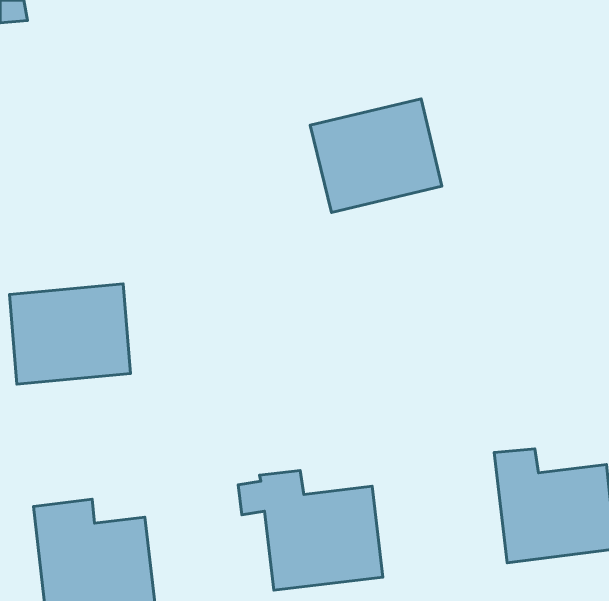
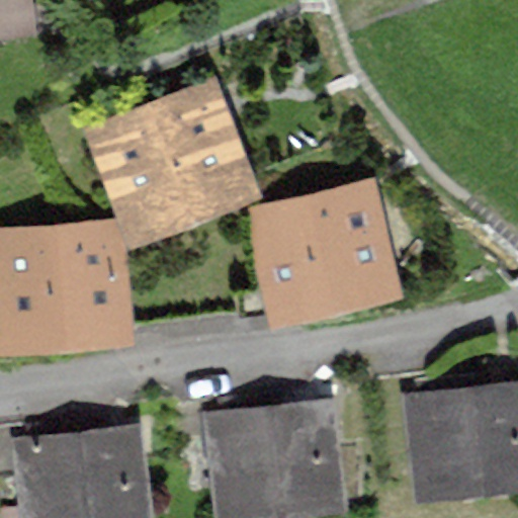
building: [310,99,442,212] -> [266,207,377,304]
building: none -> [110,111,235,224]

